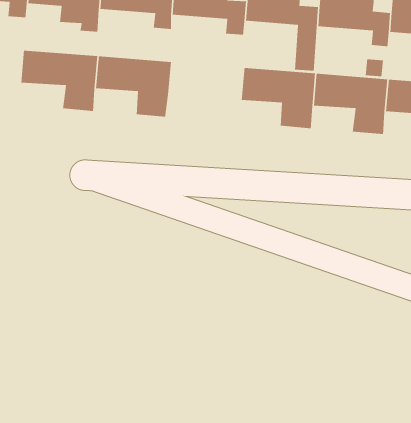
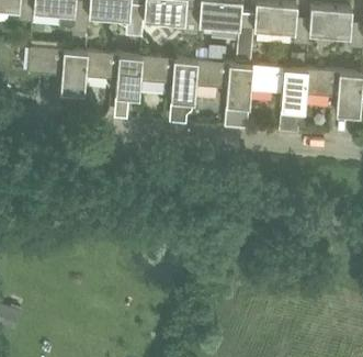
building: none -> [141,59,198,107]

